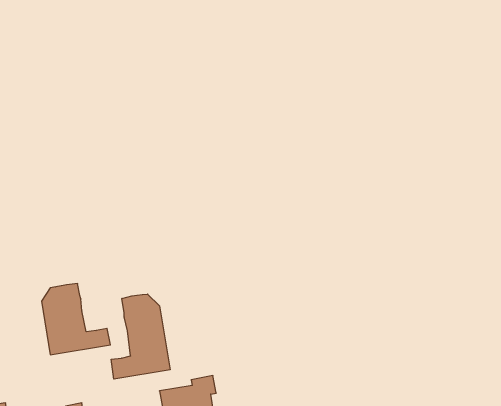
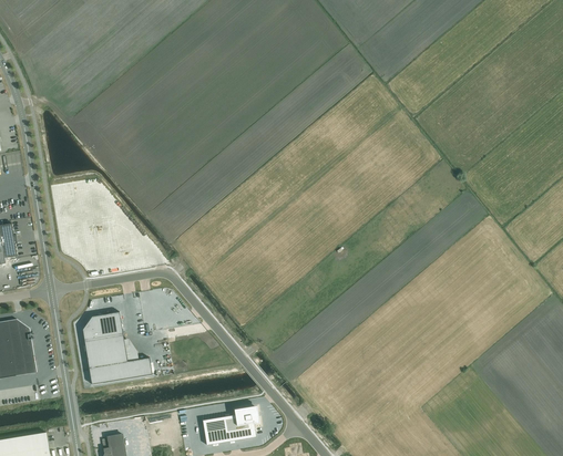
building: [111,294,170,379] -> none

